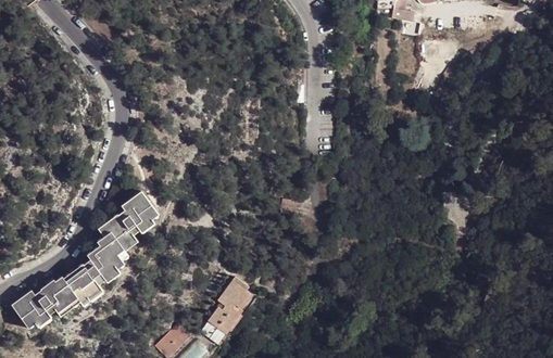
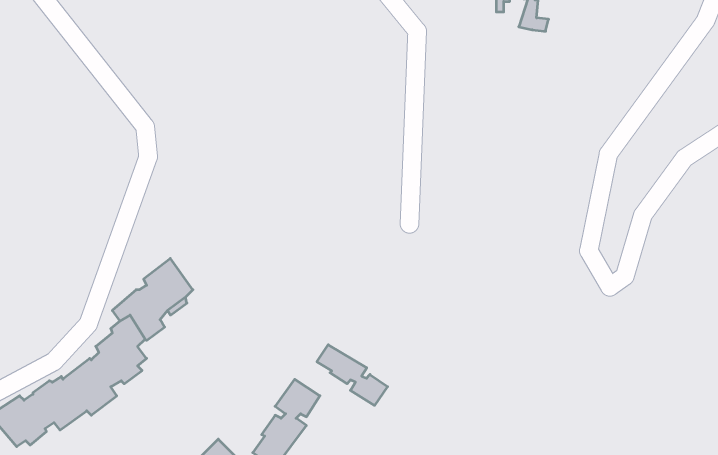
building: none -> [317,345,388,405]

